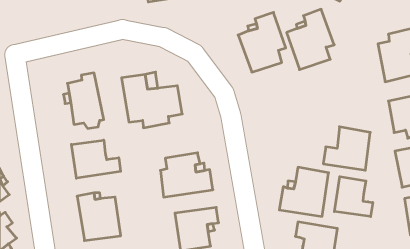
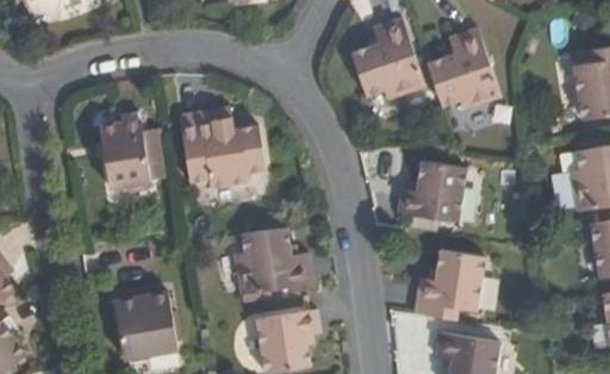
building: [323,127,370,170] -> [398,158,467,223]
building: [71,140,121,178] -> none
building: [334,177,373,217] -> none

